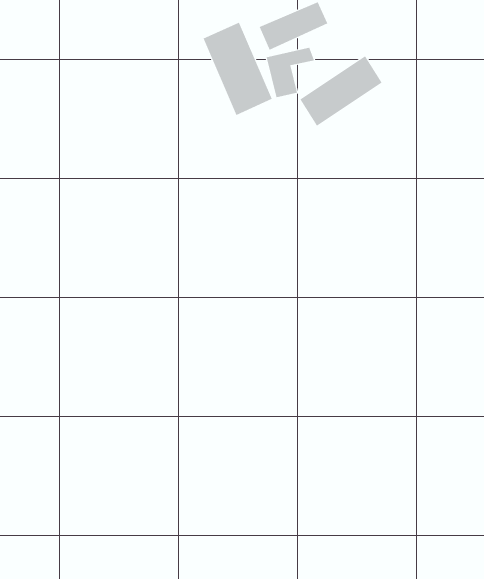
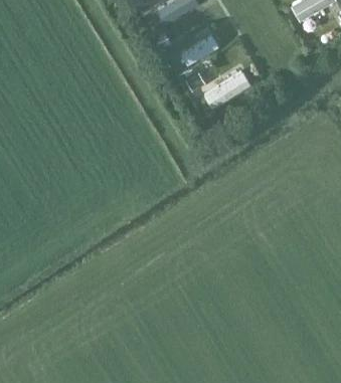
building: [203,22,272,116] -> none

